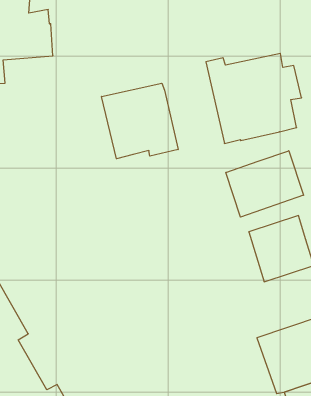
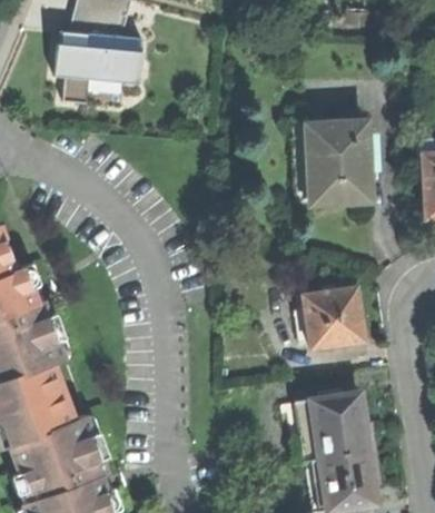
building: [102,83,178,159] -> none
building: [226,151,304,217] -> none

